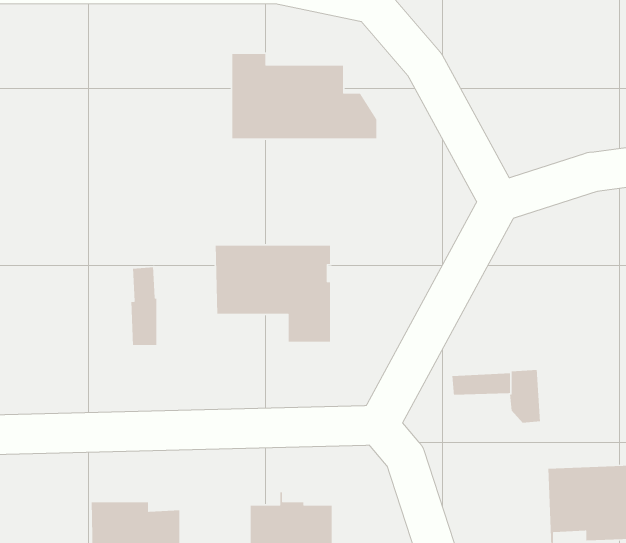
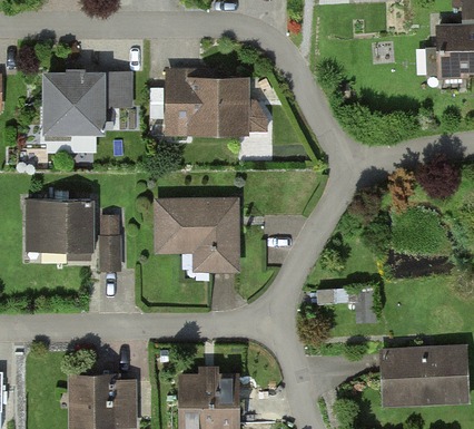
building: none -> [46,74,129,131]
building: none -> [27,201,92,261]

